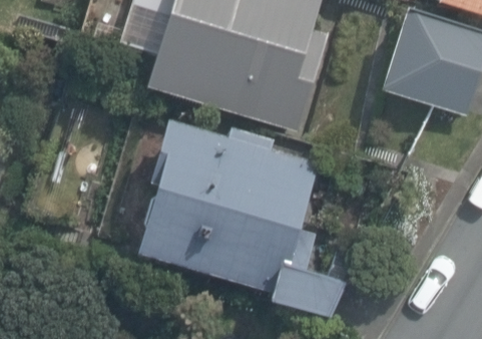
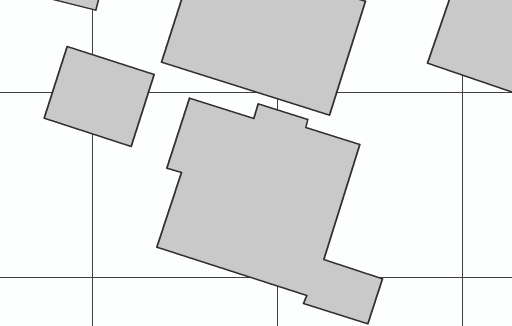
building: none -> [44,46,154,146]

